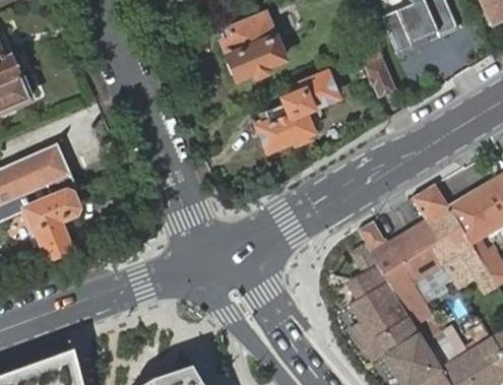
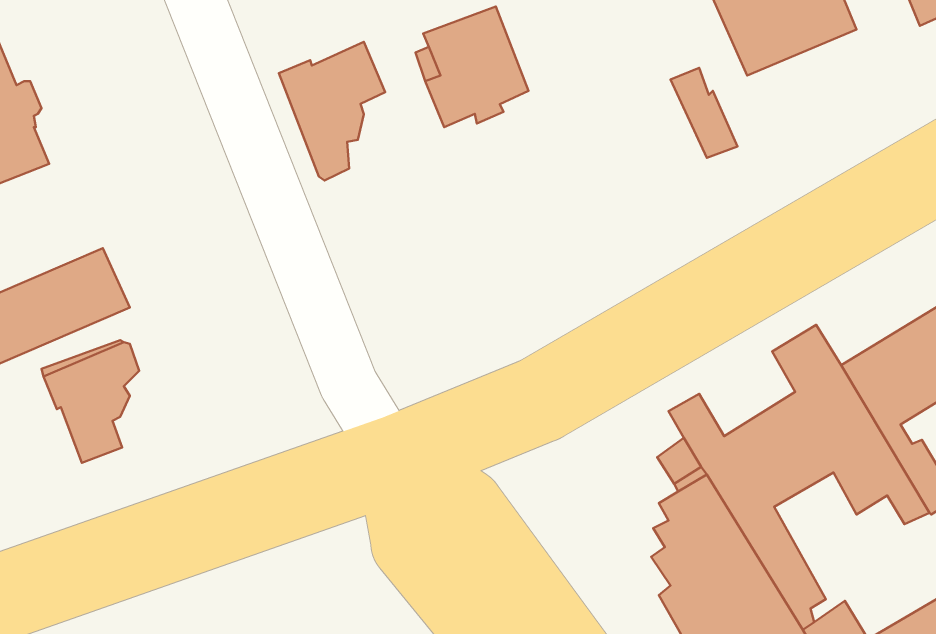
building: none -> [279,42,385,180]
building: [259,76,335,151] -> none

